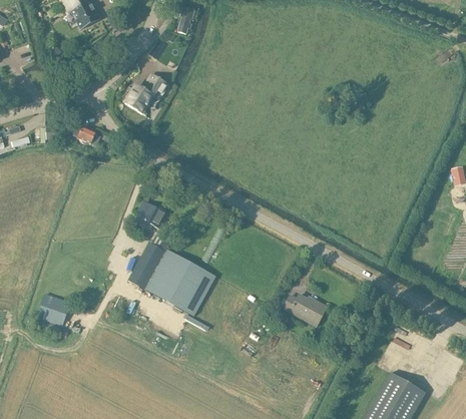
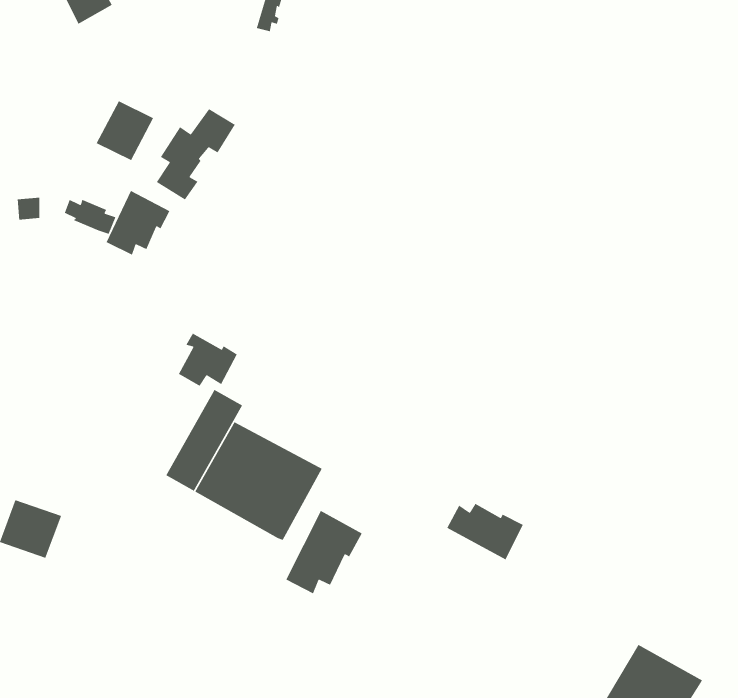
building: none -> [96,100,154,161]
building: none -> [106,190,171,256]
building: none -> [285,510,363,595]

